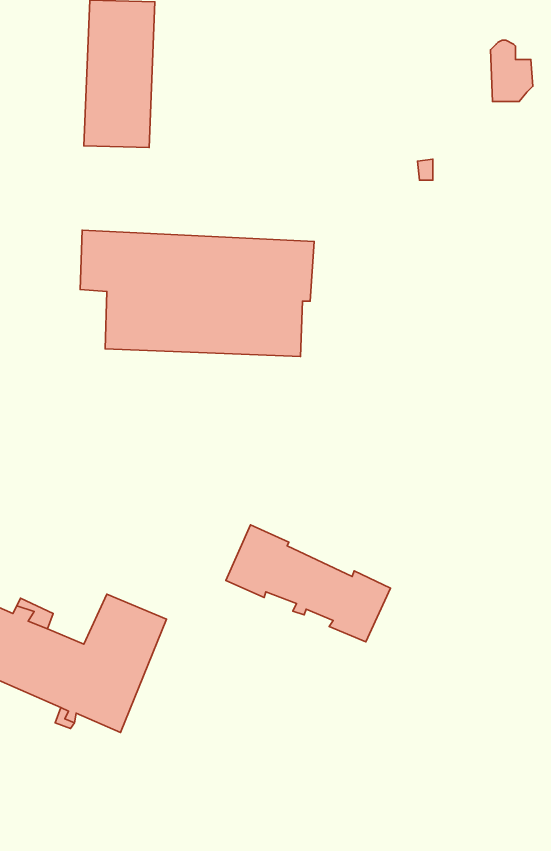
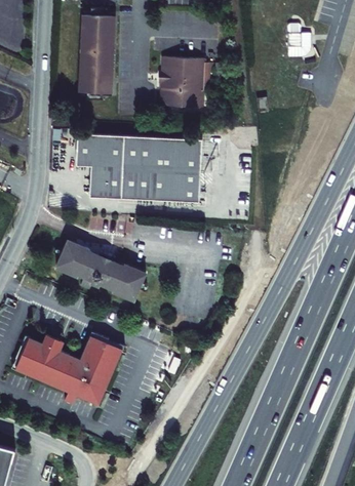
building: none -> [160,57,213,108]
building: [226,525,391,642] -> [54,239,143,301]

